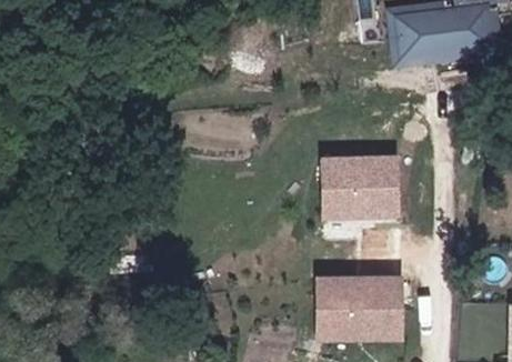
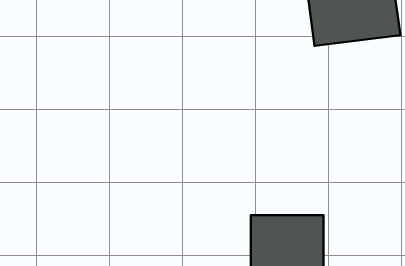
building: [321,155,403,222] -> none

